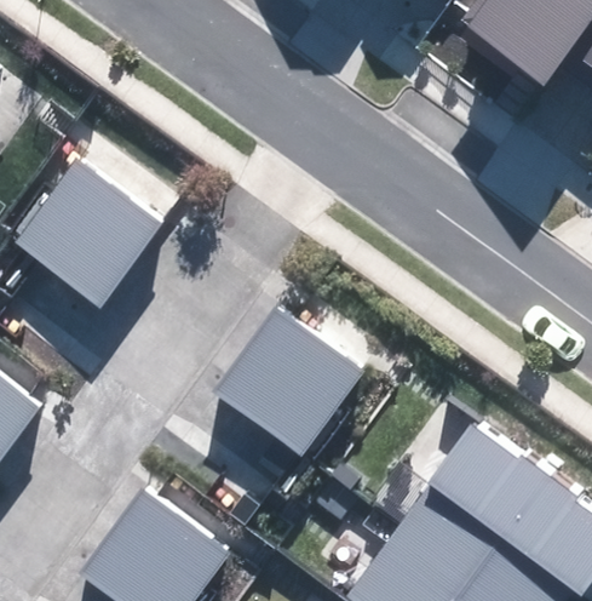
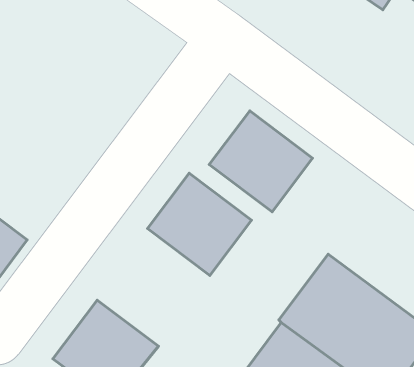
building: [13,160,163,310] -> none
building: none -> [209,111,312,212]

